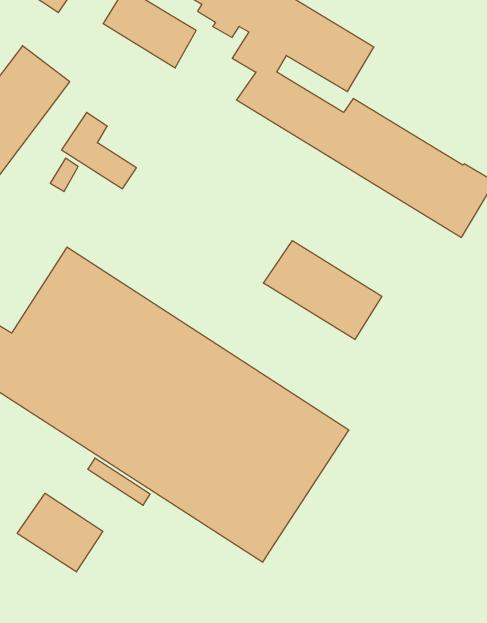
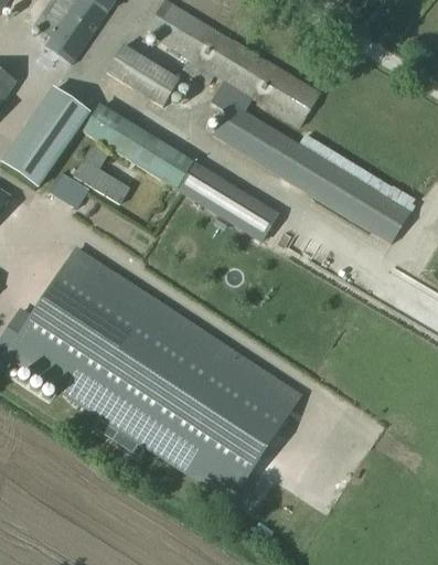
building: none -> [85,104,282,243]
building: [263,241,382,340] -> none
building: [17,493,103,572] -> none

